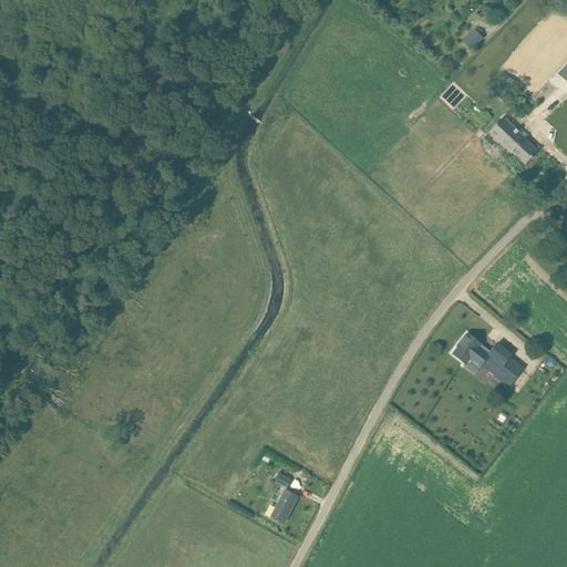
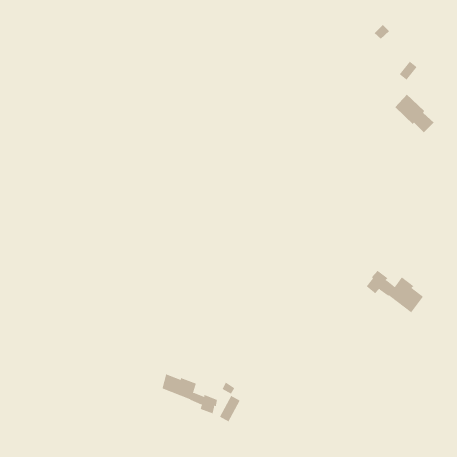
building: none -> [162,373,217,414]

